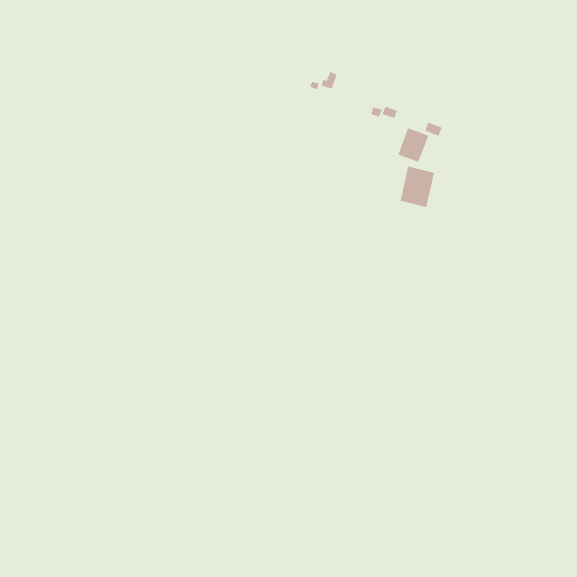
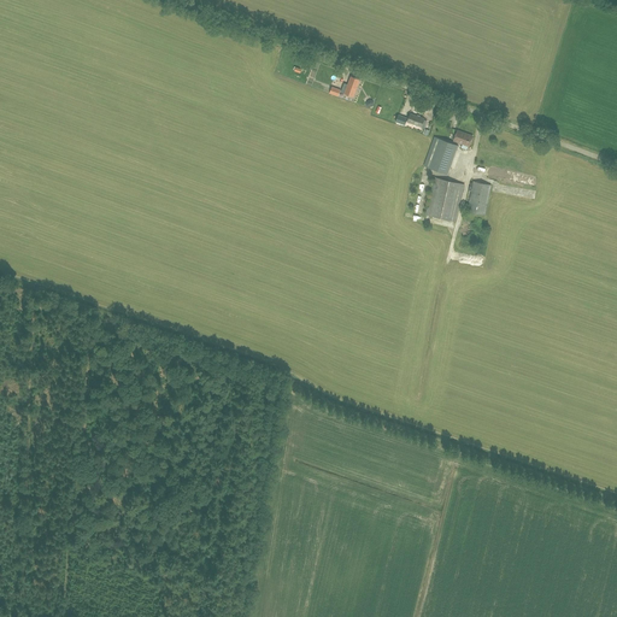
building: none -> [468,181,492,215]

